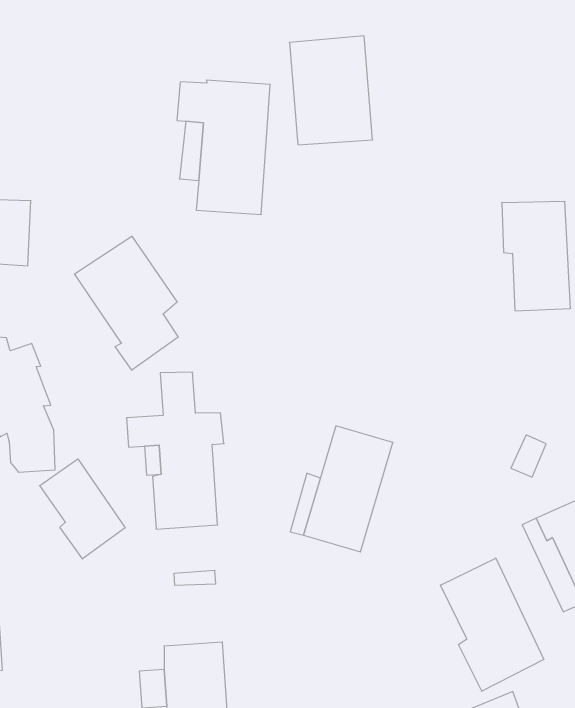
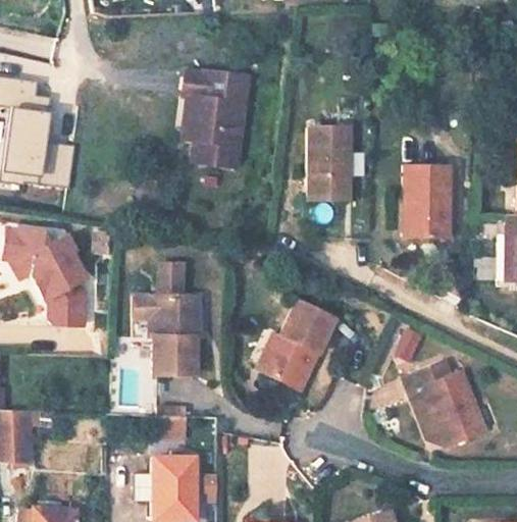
building: [289,36,373,145] -> [306,138,359,210]
building: [75,236,178,370] -> none
building: [40,459,125,559] -> none
building: [440,558,544,691] -> none

